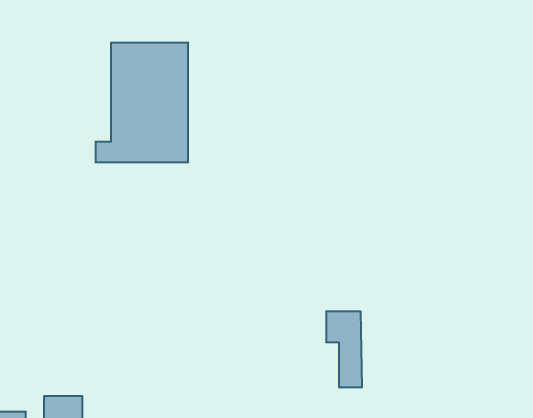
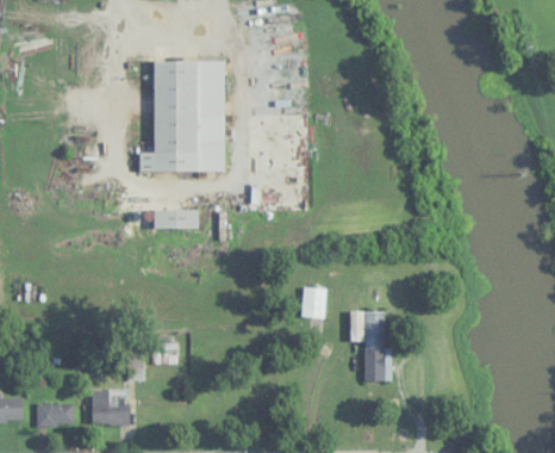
building: none -> [154,211,200,229]
building: none -> [301,287,325,333]

